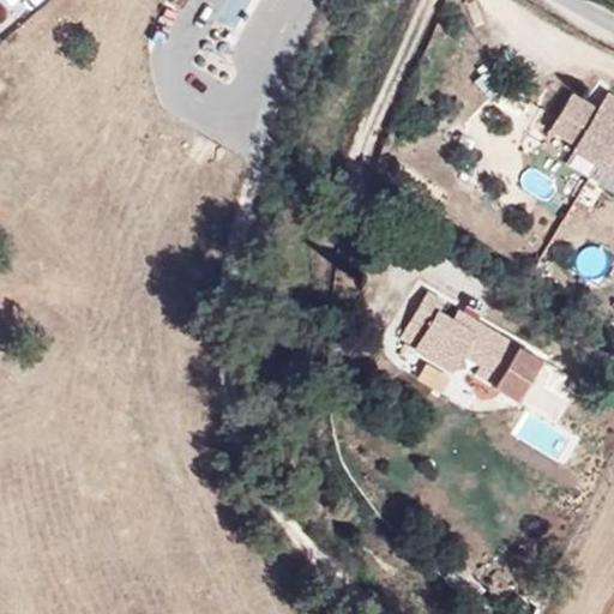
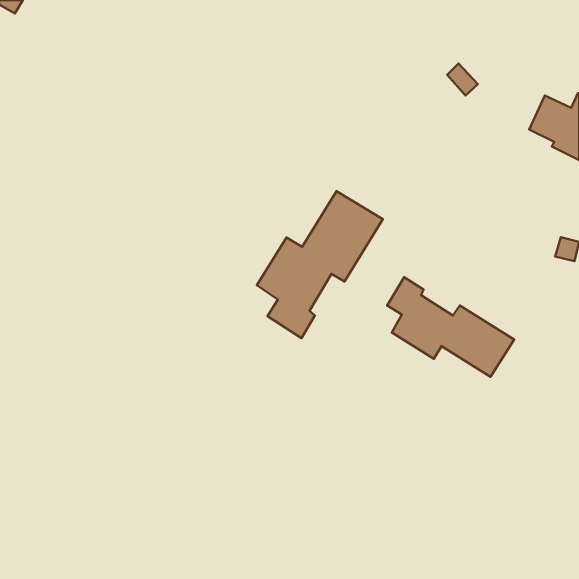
building: none -> [257,191,383,338]

